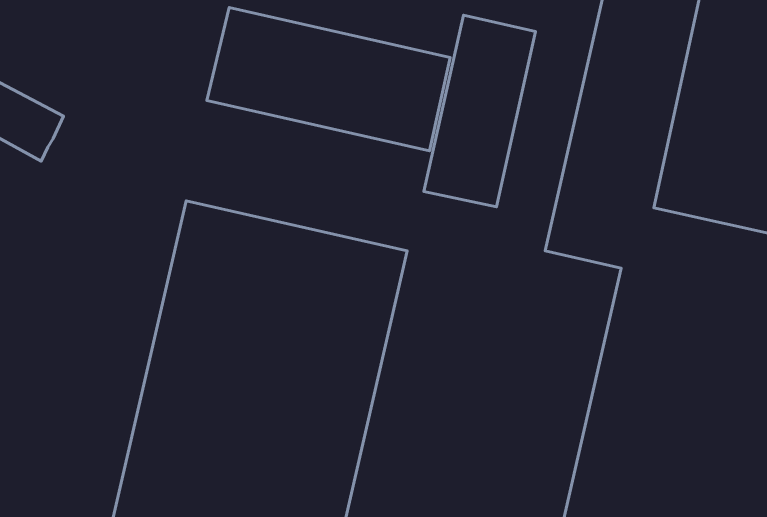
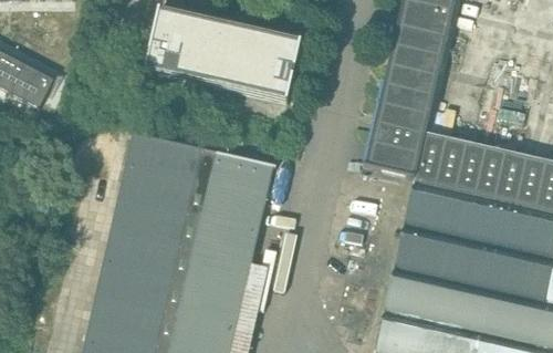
building: [424,15,536,207] -> none

